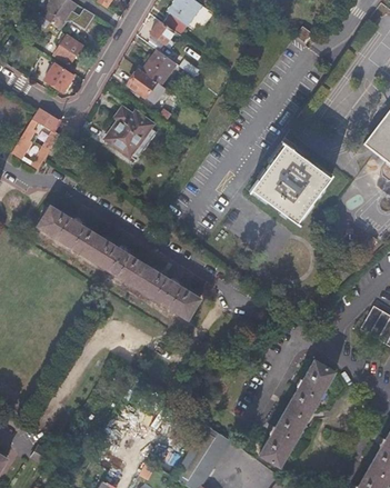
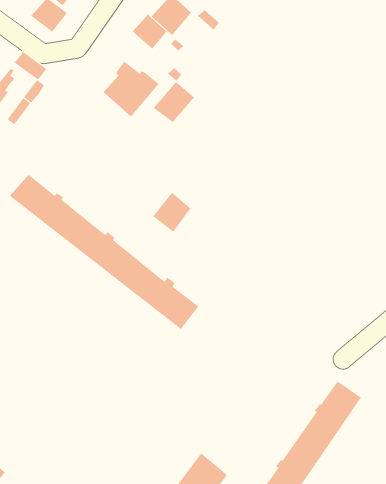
building: none -> [153,81,195,123]
building: [251,143,332,225] -> none
building: none -> [152,192,191,233]

